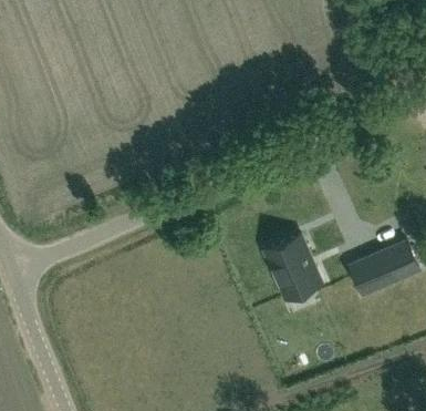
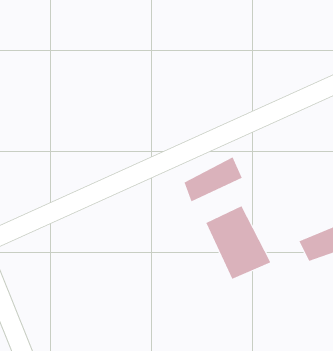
building: none -> [184,156,243,202]

